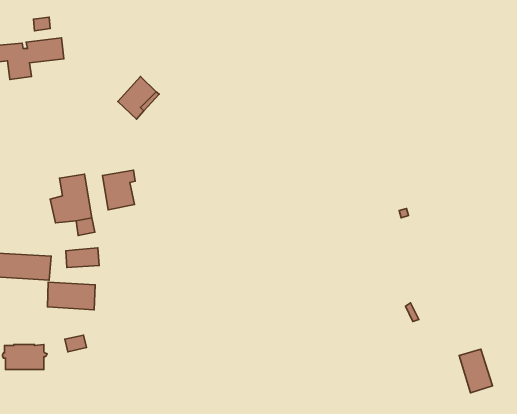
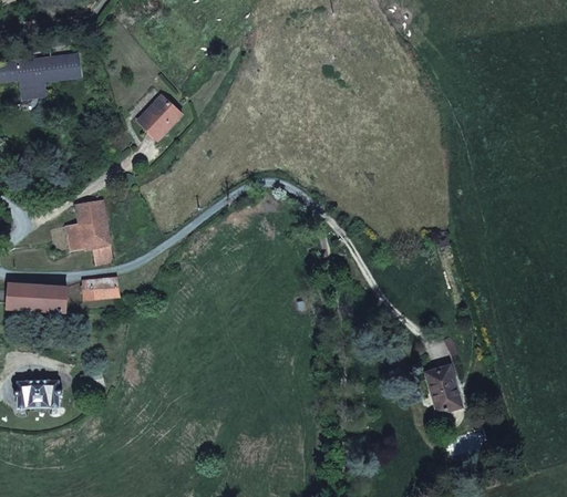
building: [103,170,135,210] -> none
building: [48,282,95,310] -> none
building: [459,349,492,393] -> [425,366,461,413]

